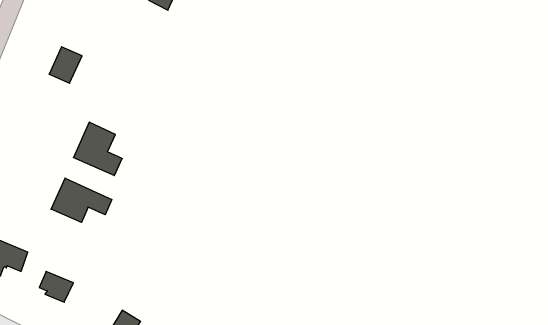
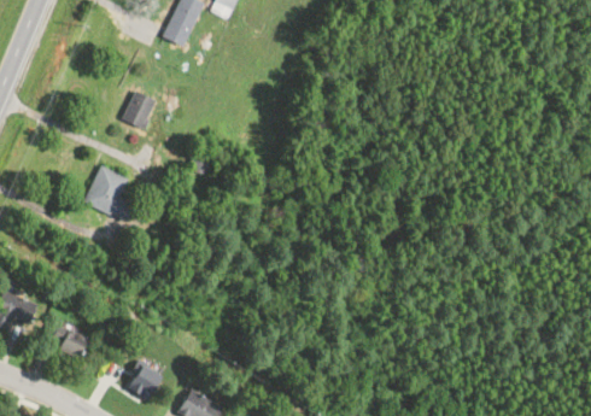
building: [49,47,82,83] -> [124,90,159,129]
building: [51,178,112,222] -> none

